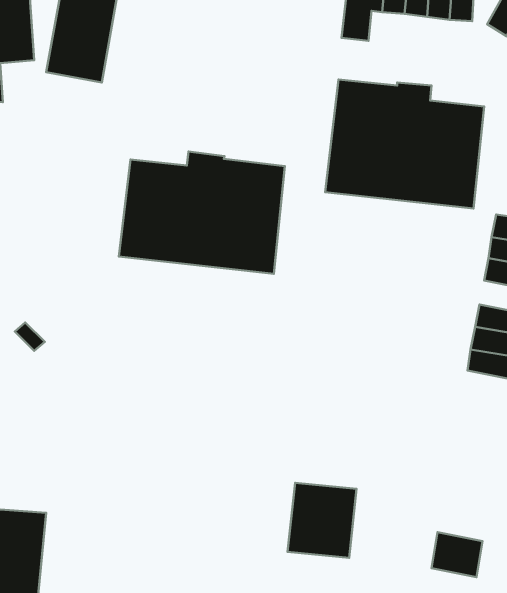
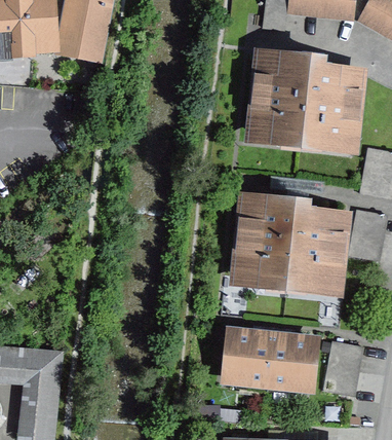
building: [119,151,285,274] -> none
building: none -> [235,199,344,288]
building: none -> [266,337,313,389]
building: none -> [326,342,362,373]

